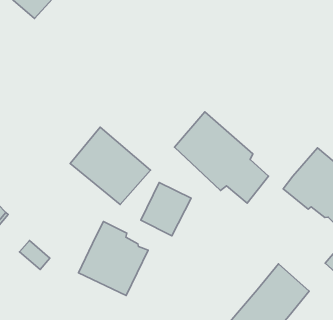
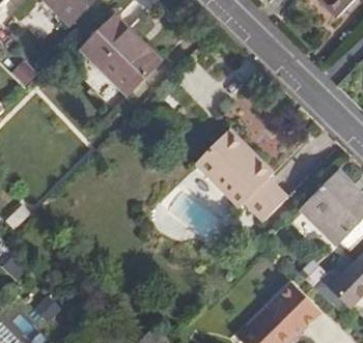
building: [70,127,151,204] -> [81,16,159,92]
building: [79,222,148,296] -> none

